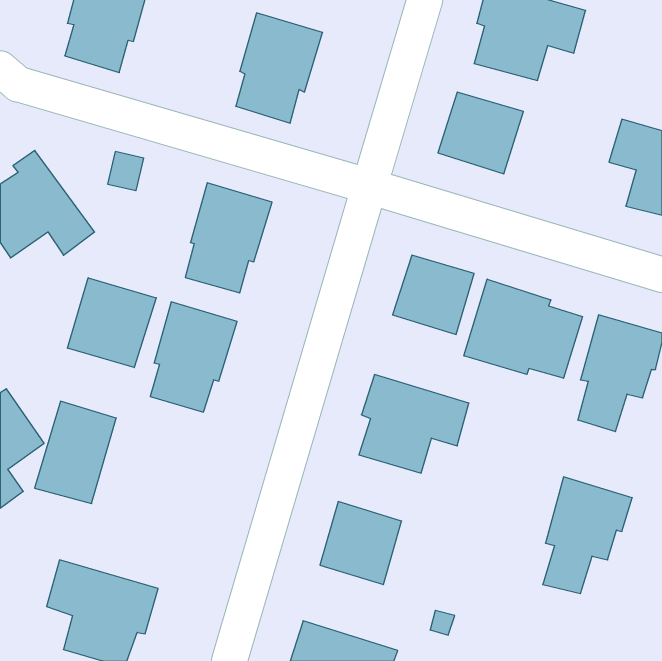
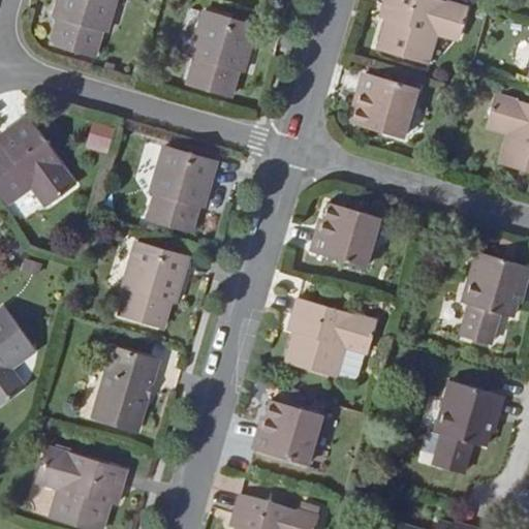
building: [67,278,156,368] -> none
building: [464,279,582,378] -> none
building: [35,401,116,504] -> [93,348,158,430]

